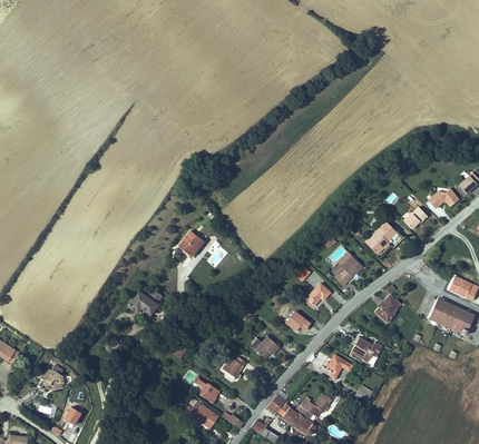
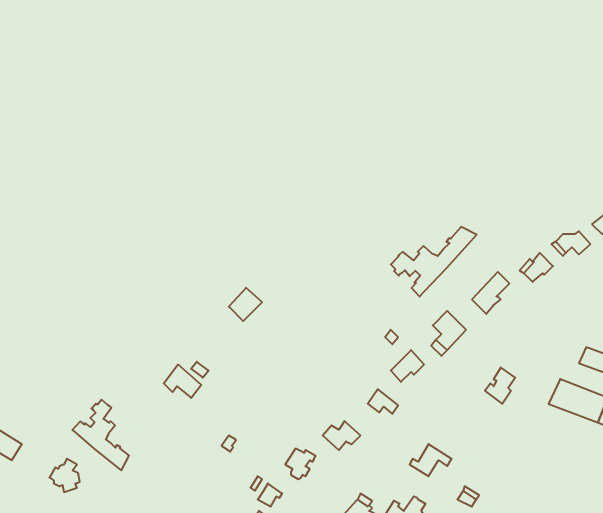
building: none -> [391,227,477,297]
building: none -> [72,400,129,470]
building: [351,335,383,359] -> none

